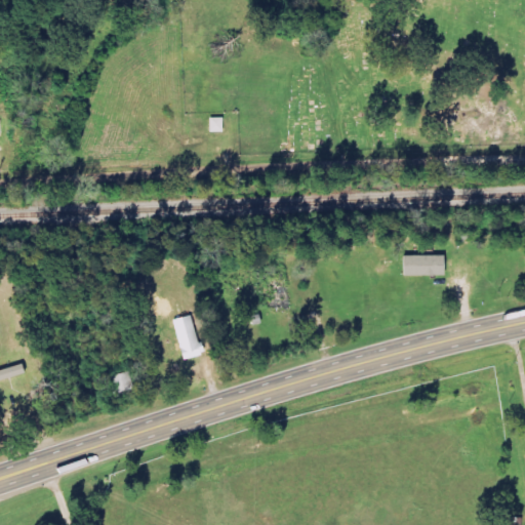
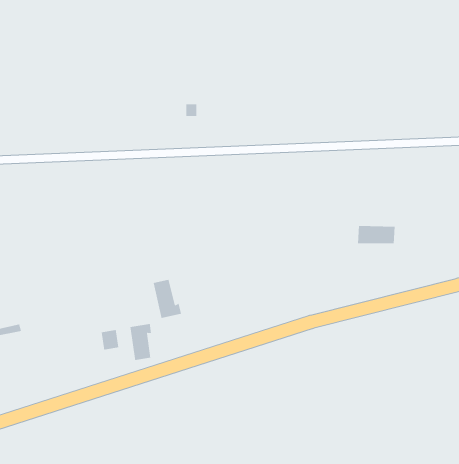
building: none -> [130,323,152,361]

